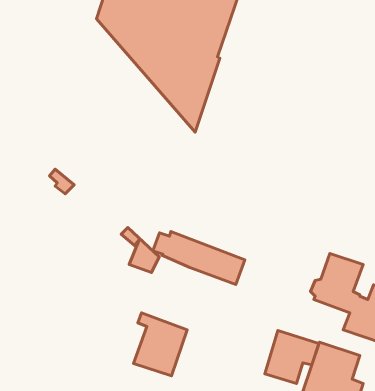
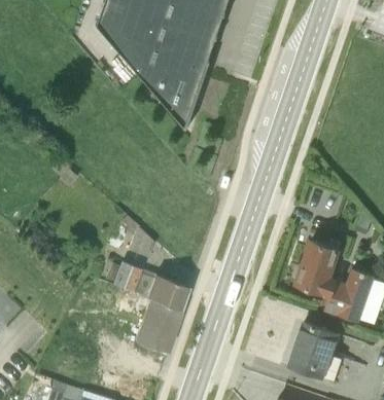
building: [153,232,245,284] -> [105,261,189,310]
building: [265,330,319,384] -> none

